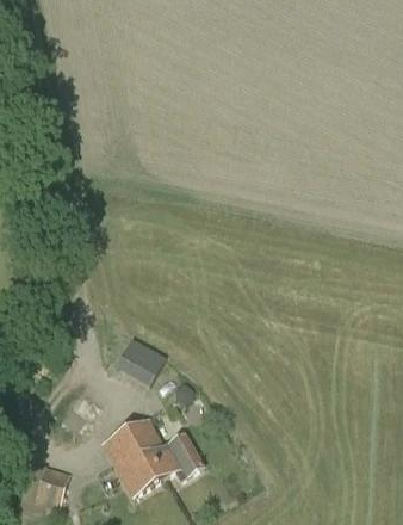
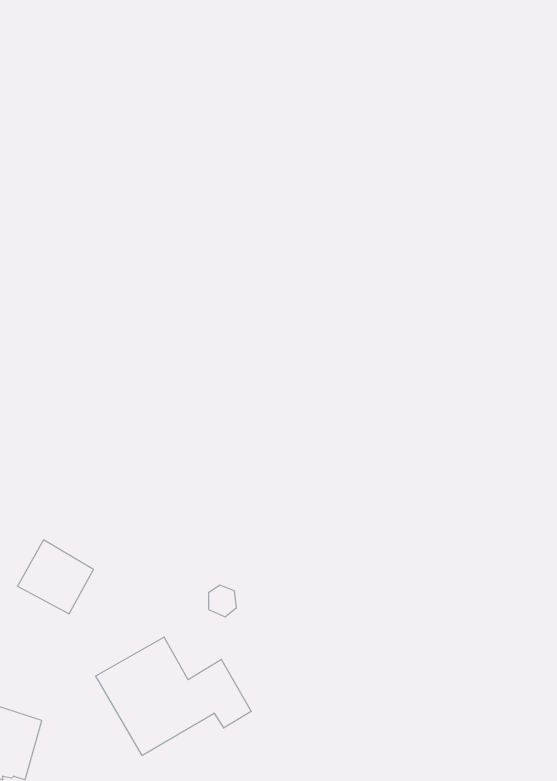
building: [114,338,163,385] -> [17,540,93,614]

